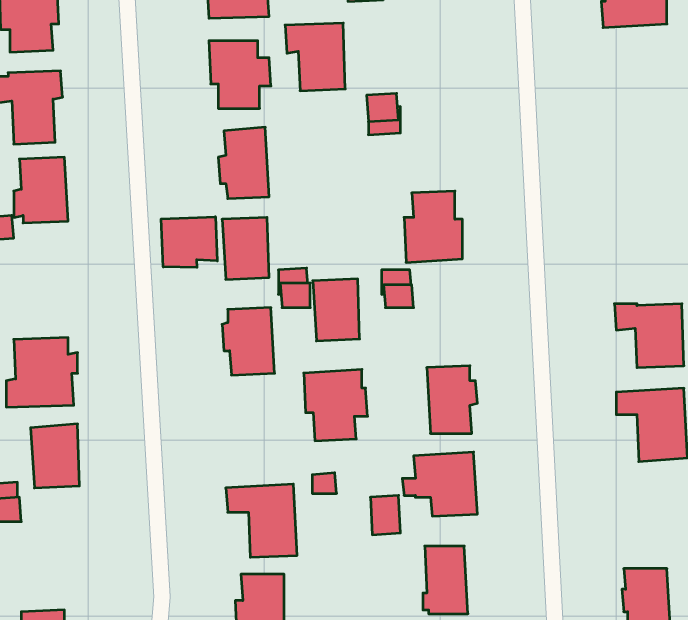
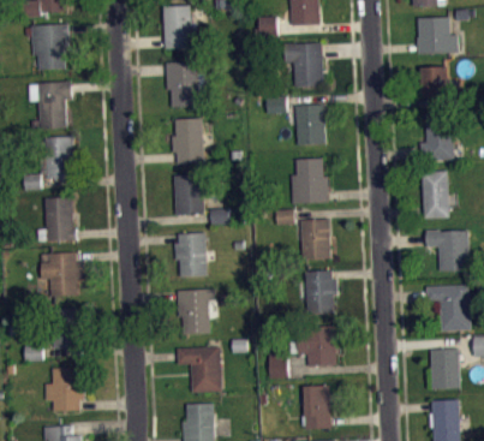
building: [285,23,345,91] -> [283,43,322,87]
building: none -> [419,66,458,100]
building: none -> [294,105,324,145]
building: none -> [419,113,461,160]
building: none -> [420,171,449,219]
building: [161,217,217,267] -> none
building: none -> [37,198,76,242]
building: [313,279,360,341] -> [299,220,329,260]
building: [304,369,368,441] -> [175,288,216,334]
building: none -> [430,348,460,389]
building: none -> [44,368,83,411]

